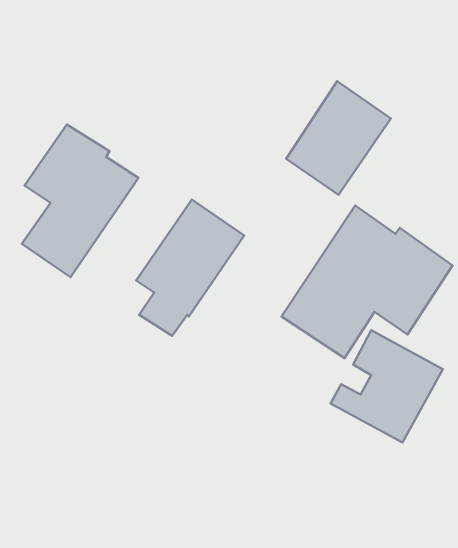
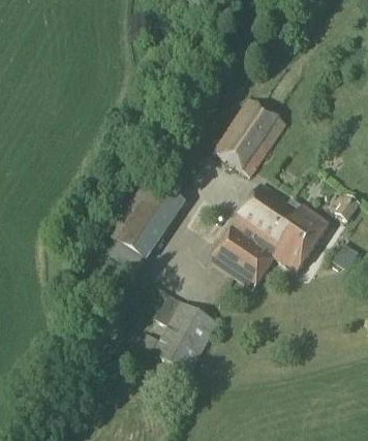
building: [22,124,139,277] -> none
building: [331,330,443,443] -> [141,294,218,372]

